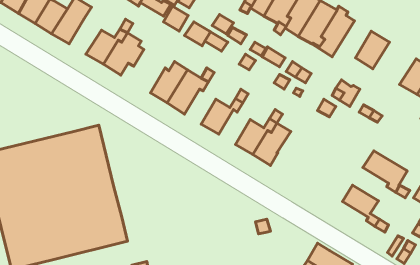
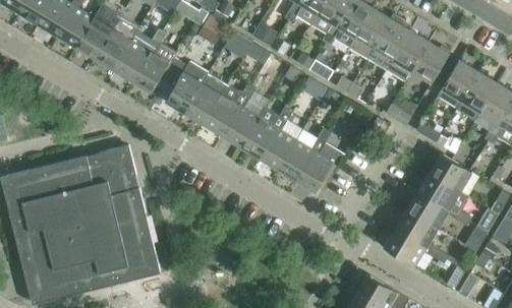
building: none -> [96,15,139,67]
building: none -> [386,30,429,81]
building: none -> [437,60,478,108]
building: none -> [166,62,212,110]
building: none -> [223,106,258,144]
building: none -> [261,128,295,167]
building: none -> [432,155,478,195]
building: none -> [408,192,448,229]
building: none -> [386,230,425,266]

